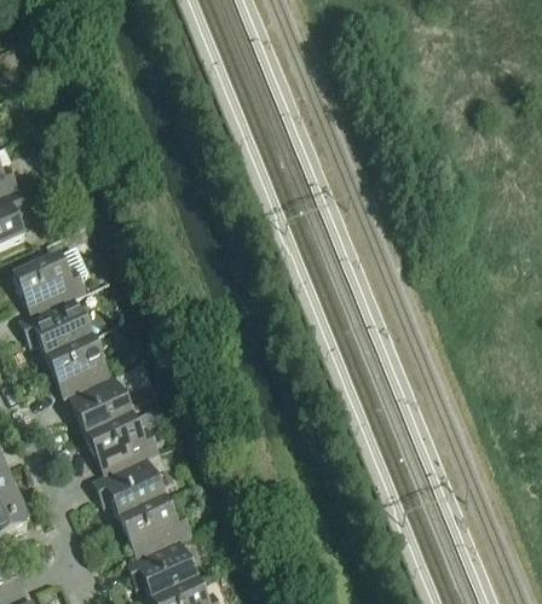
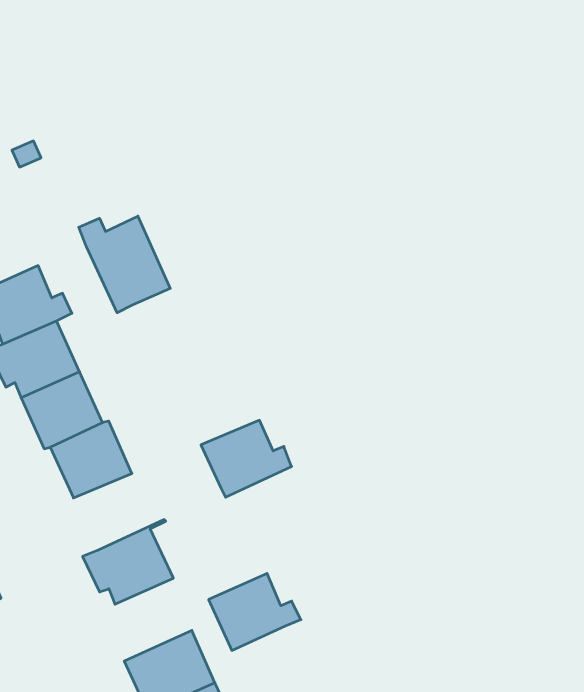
building: none -> [79,216,170,313]
building: [86,413,157,474] -> [201,420,292,497]
building: [119,495,191,556] -> [209,573,301,650]

